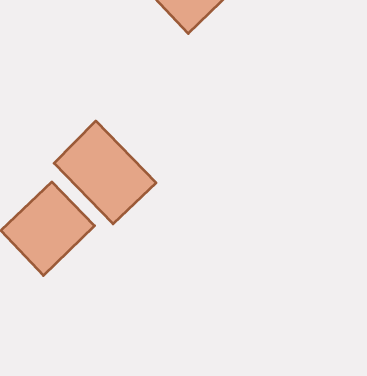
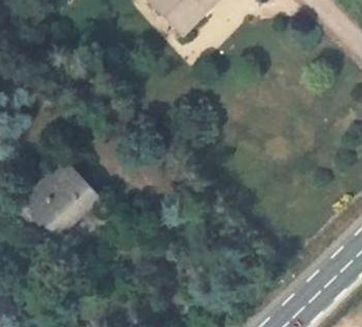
building: [54,121,156,224] -> none

